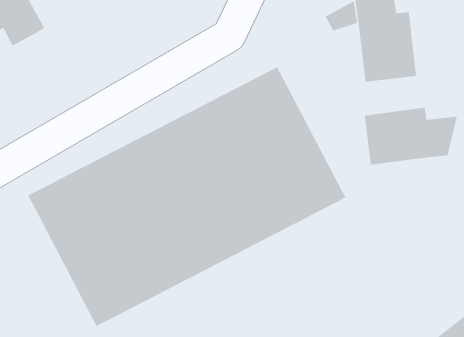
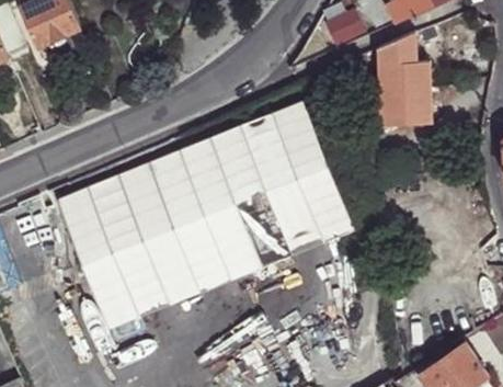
building: [364,107,458,166] -> none

